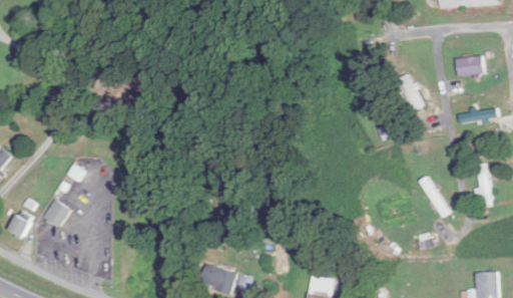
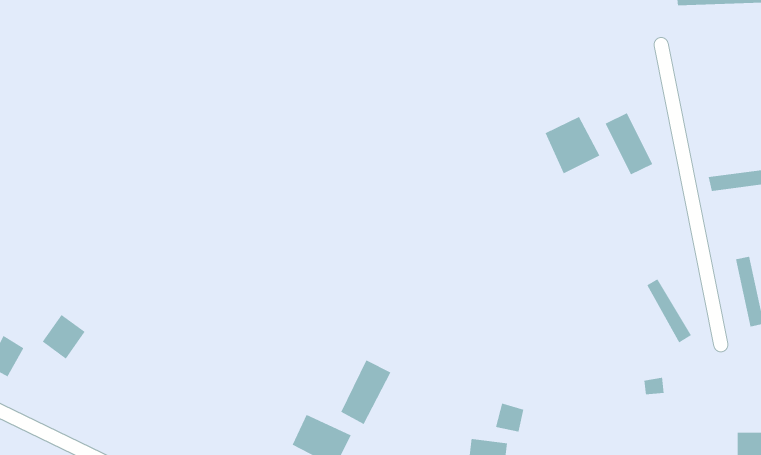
building: [455,55,483,76] -> none
building: none -> [545,116,600,174]
building: none -> [341,360,391,425]

